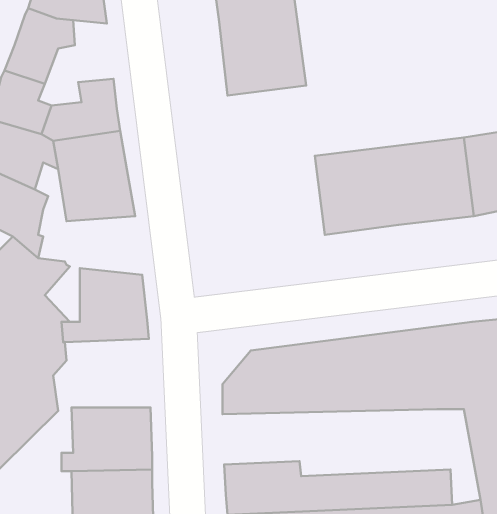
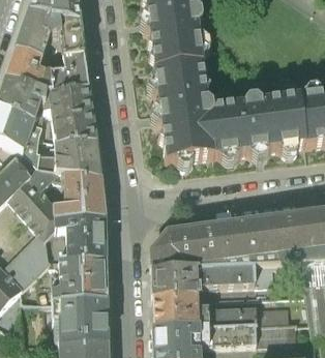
building: none -> [59,20,84,58]
building: none -> [154,60,214,158]
building: none -> [54,141,101,177]
building: none -> [54,216,107,259]
building: none -> [151,260,285,294]

